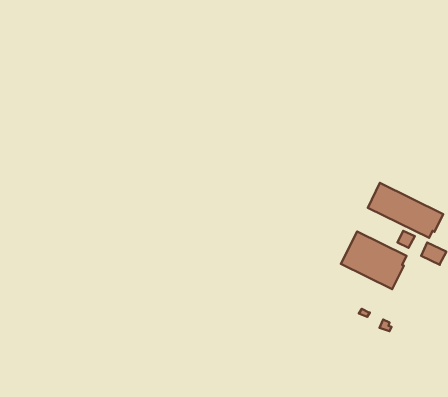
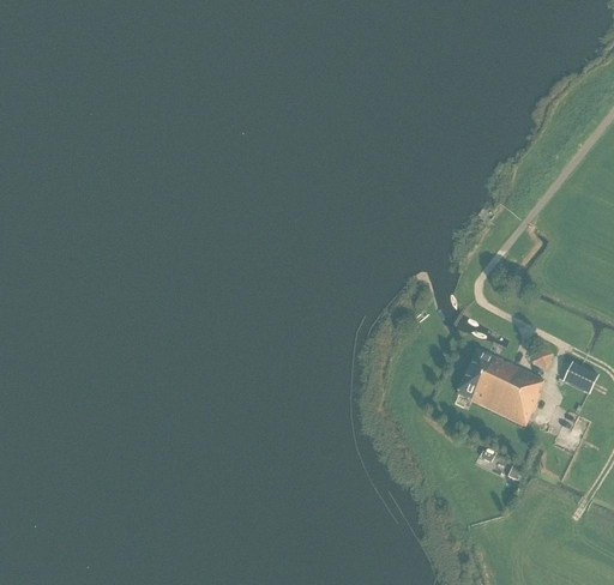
building: [368,183,443,238] -> none

